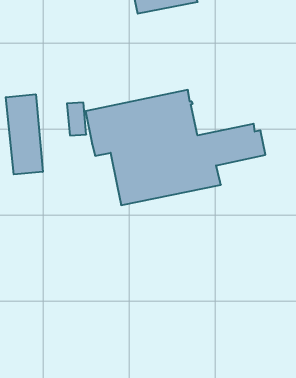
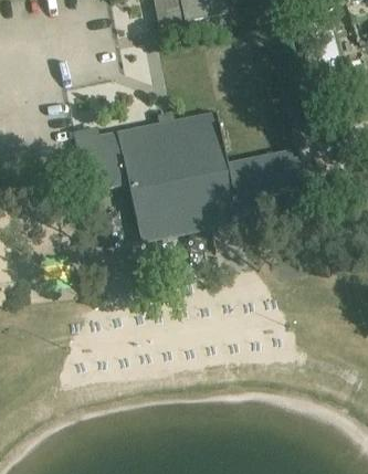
building: [6,94,43,174] -> none

